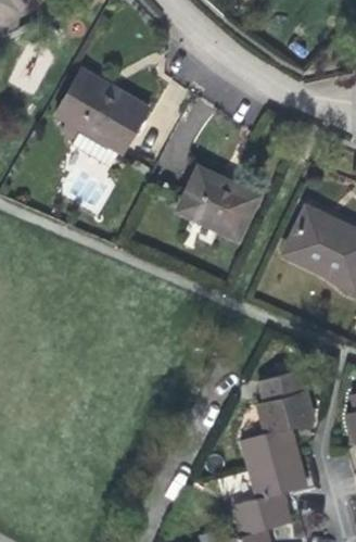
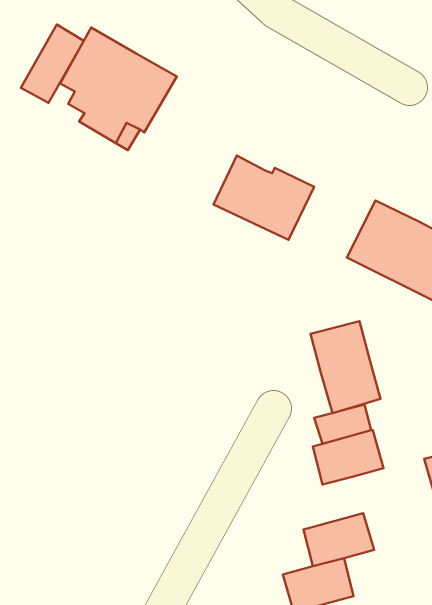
building: none -> [21,24,84,103]
building: none -> [310,321,380,413]
building: [241,427,297,469] -> none

